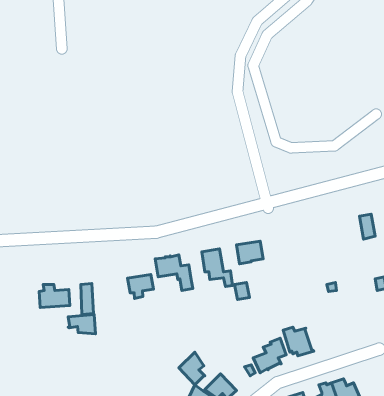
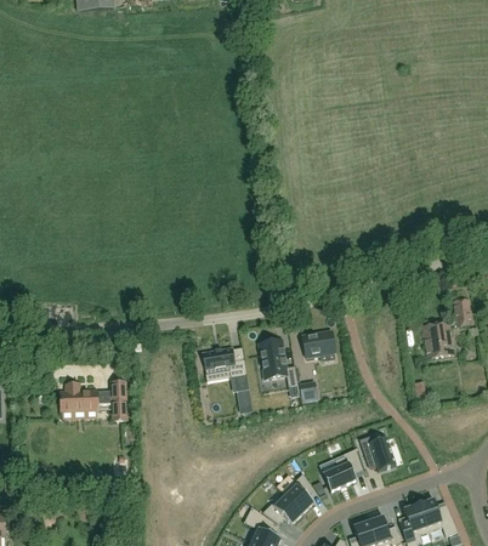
building: none -> [422,322,453,359]
building: [128,274,153,298] -> none
building: [68,315,95,334] -> none
building: [179,352,205,385] -> [282,474,313,514]

